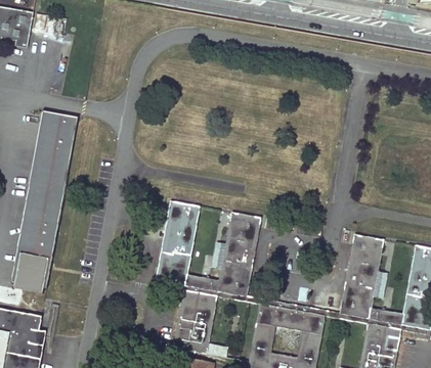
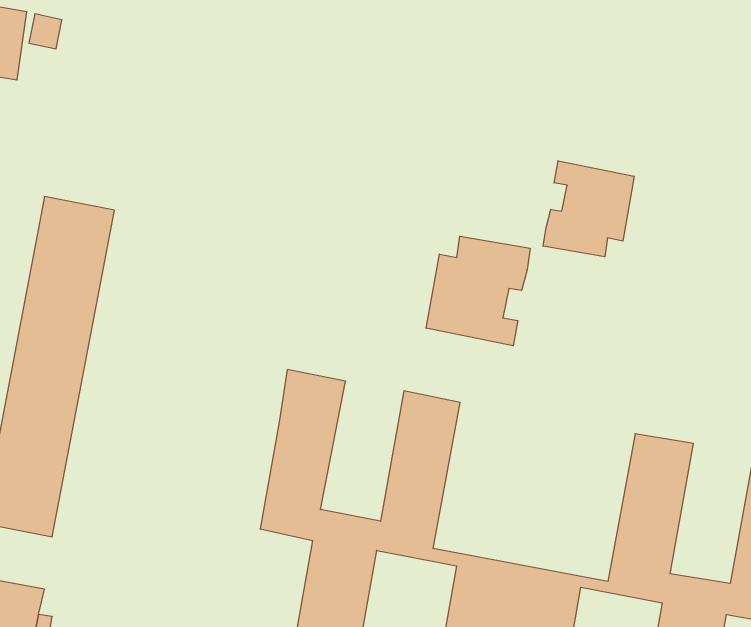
building: none -> [543,161,634,257]
building: none -> [426,236,530,346]

